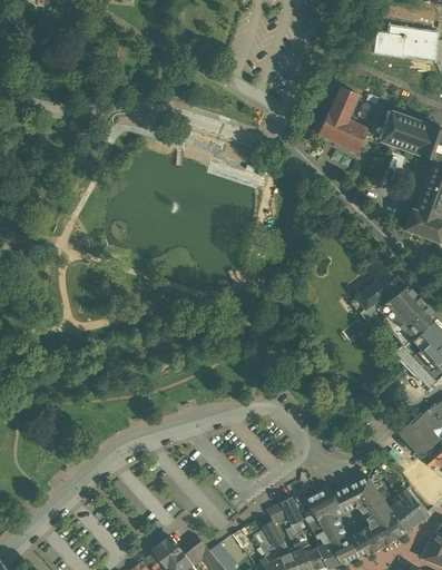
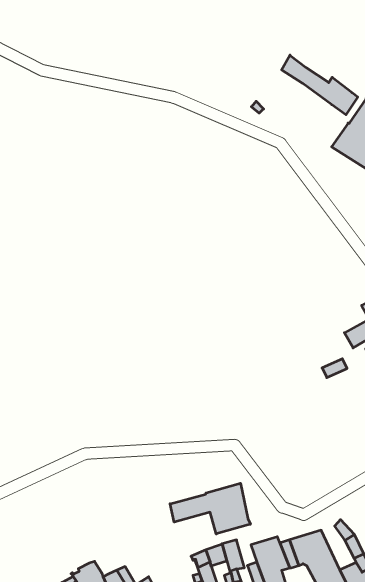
building: none -> [282,55,358,115]
building: none -> [170,483,250,534]

